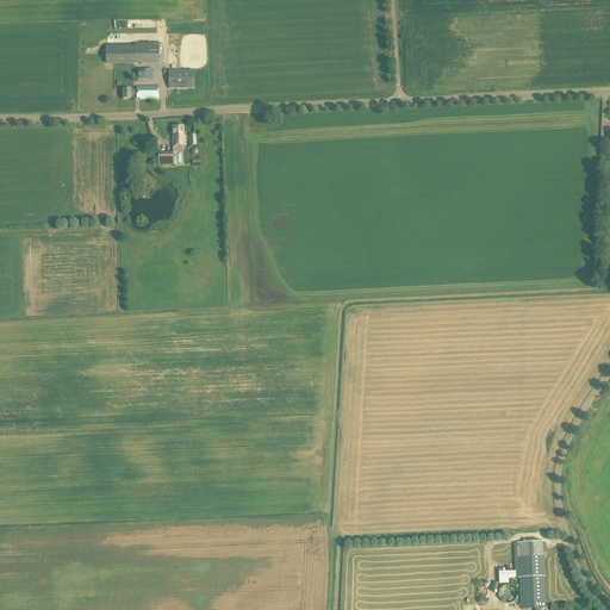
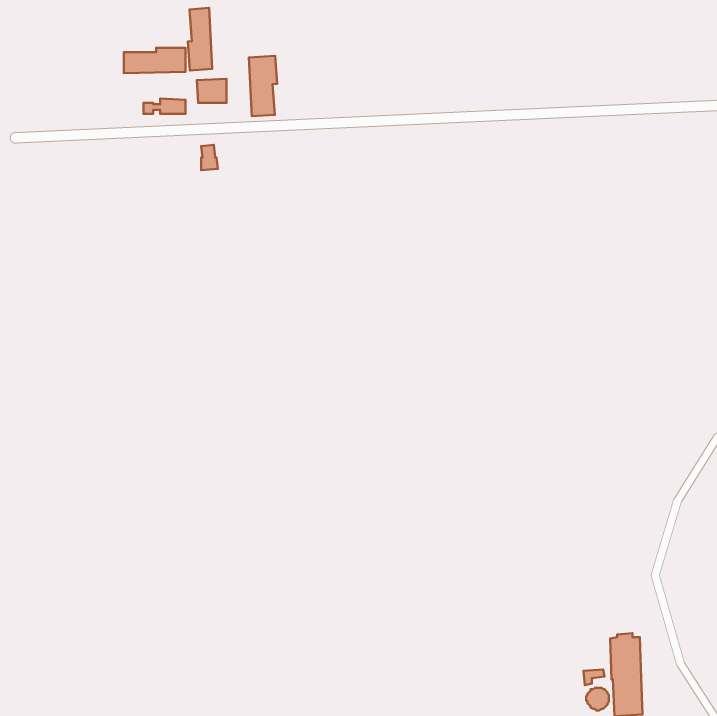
building: none -> [188,8,212,71]
building: none -> [249,56,277,116]

